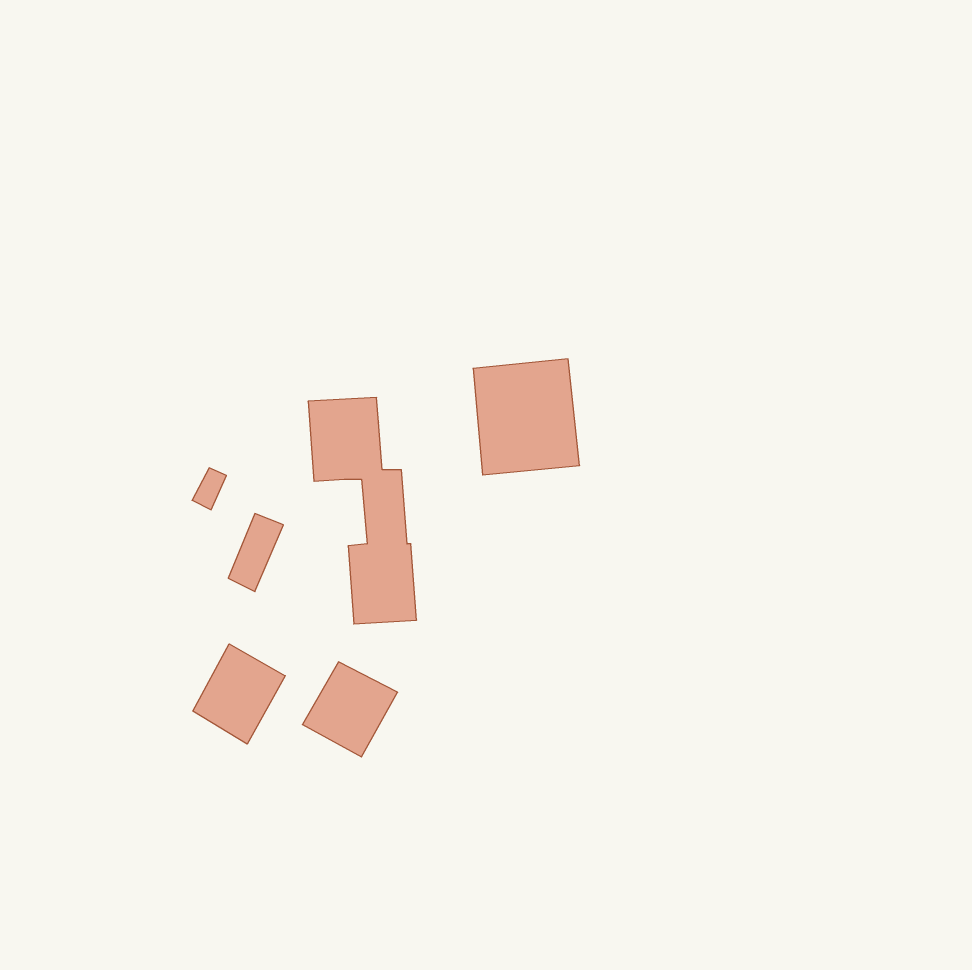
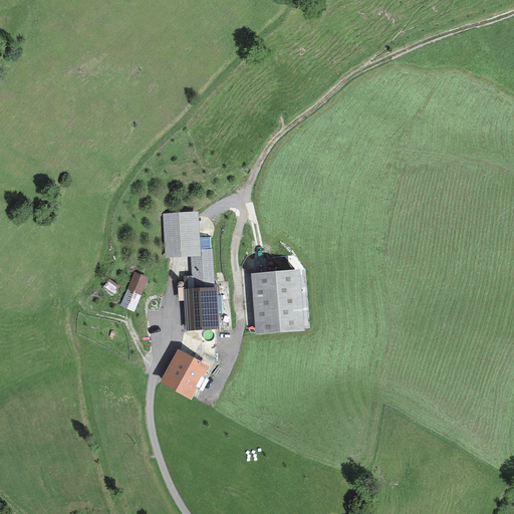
building: [473,359,580,475] -> [251,269,307,330]
building: [193,644,285,744] -> none

